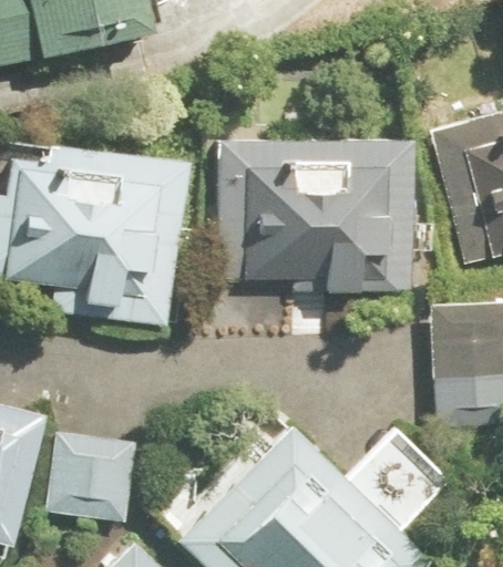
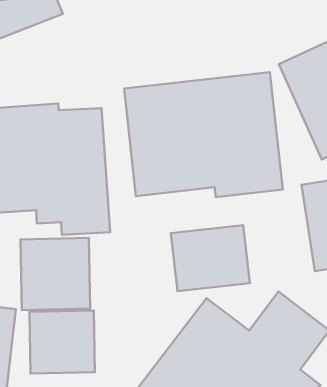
building: none -> [21,238,90,310]
building: none -> [171,225,250,291]

